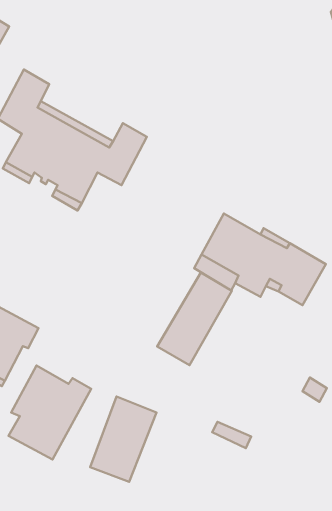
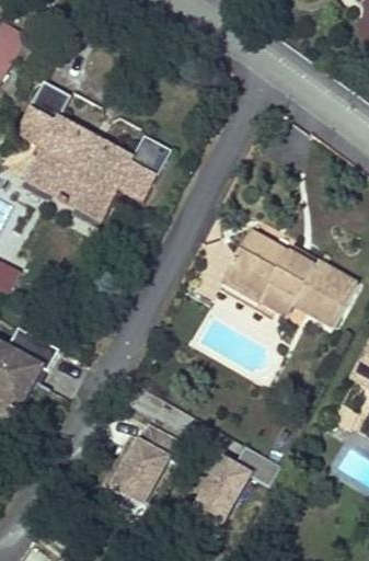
building: [157,272,232,365] -> none
building: [8,366,91,459] -> none
building: none -> [185,455,253,529]

